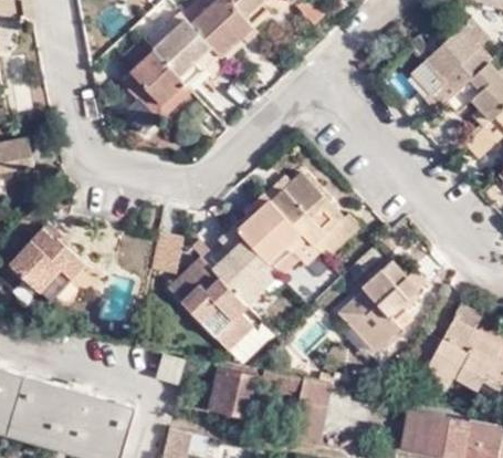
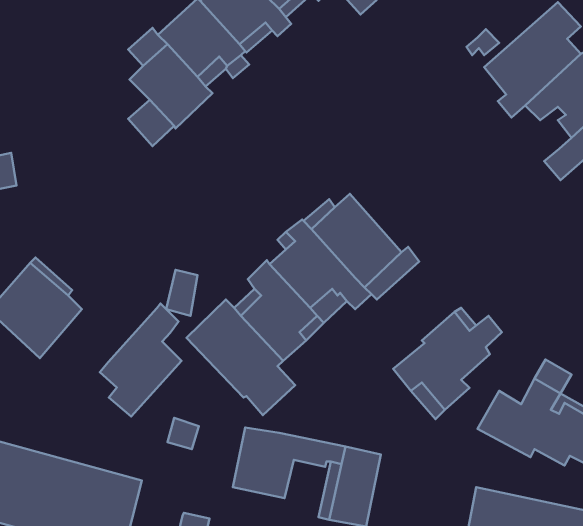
building: none -> [100,303,181,416]

